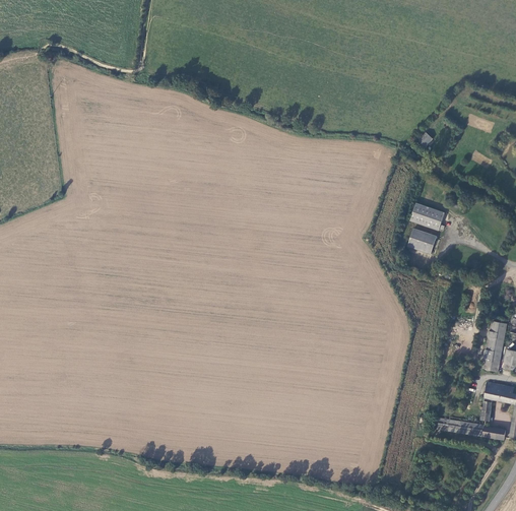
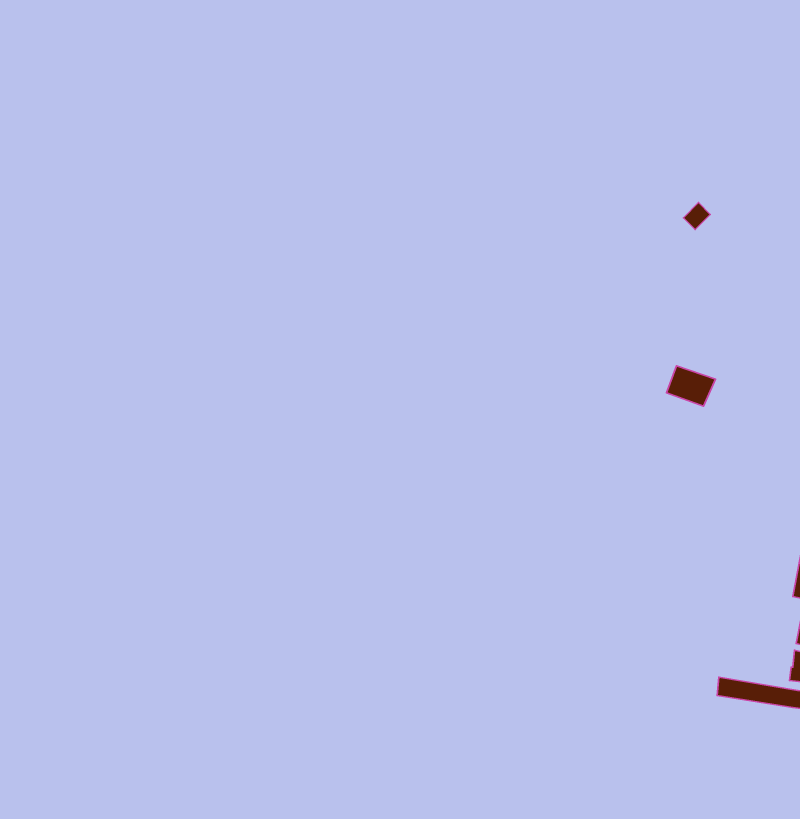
building: [410,204,445,230] -> none

